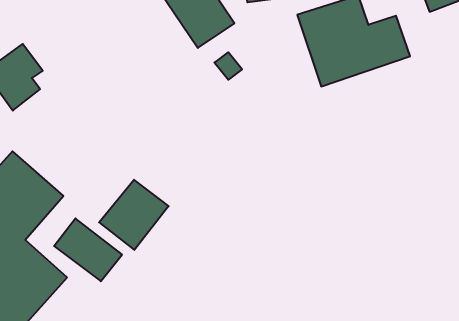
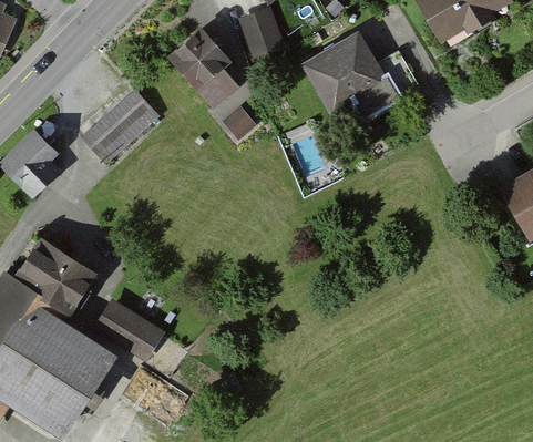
building: none -> [84,88,163,162]
building: [99,180,169,250] -> none

